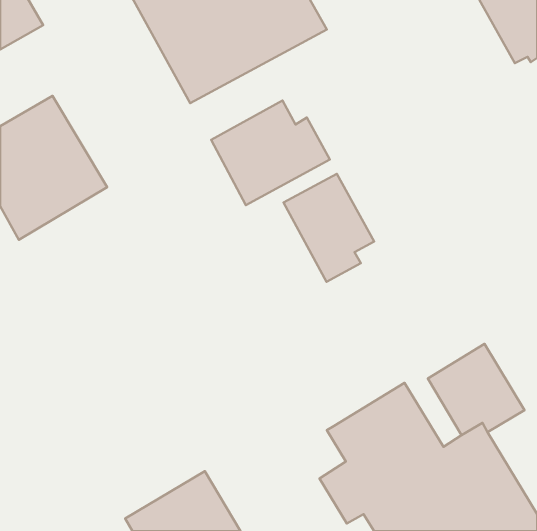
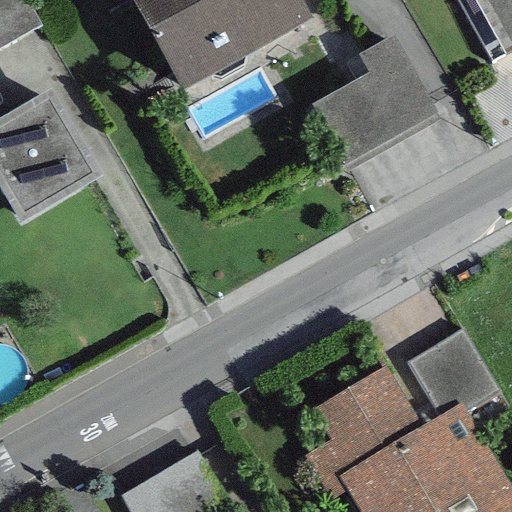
building: none -> [309,36,437,168]
building: [211,100,330,205] -> none
building: [284,174,374,282] -> none

